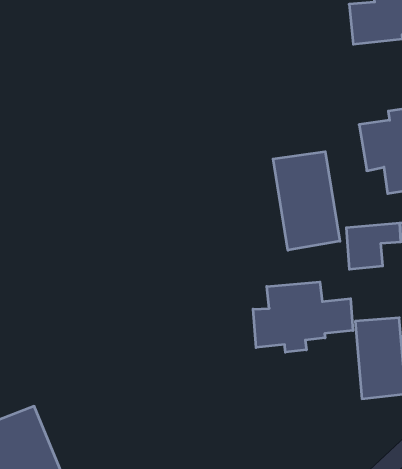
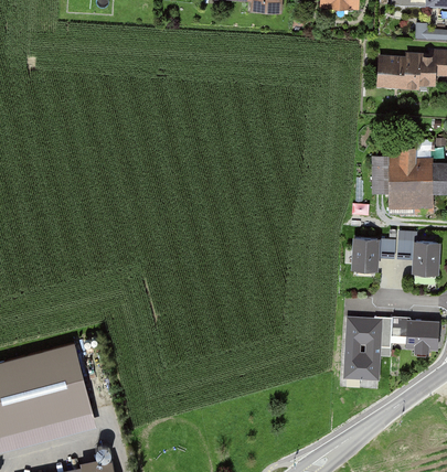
building: [273,152,340,250] -> none
building: [253,282,353,352] -> none

